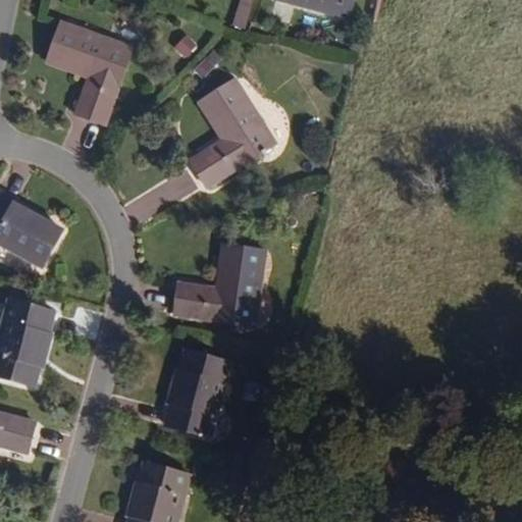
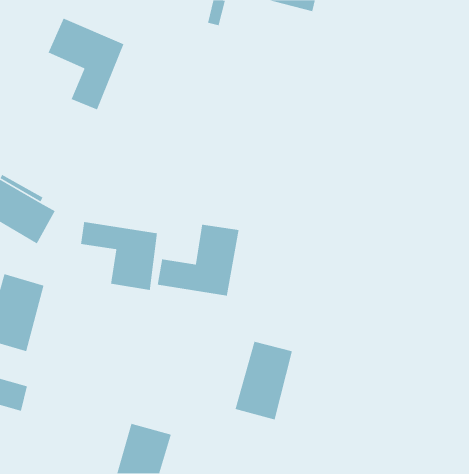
building: [190,80,275,186] -> none
building: none -> [80,221,158,291]
building: [163,353,227,440] -> [234,341,293,421]

